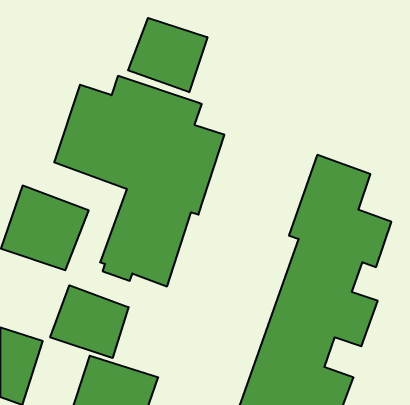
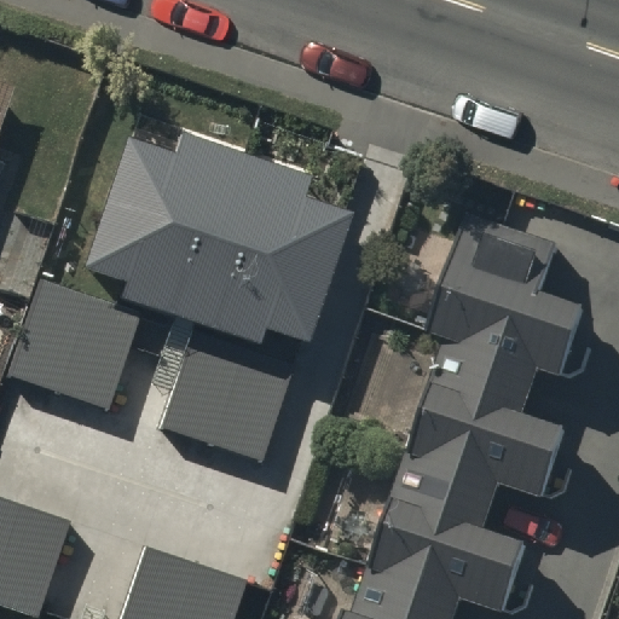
building: [128,18,207,92] -> none
building: [50,285,129,358] -> none

